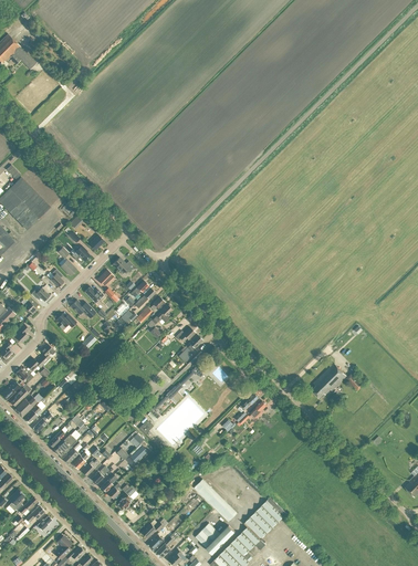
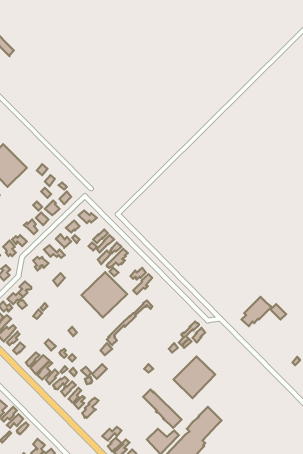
building: none -> [82,272,127,317]
building: none -> [174,357,215,398]

